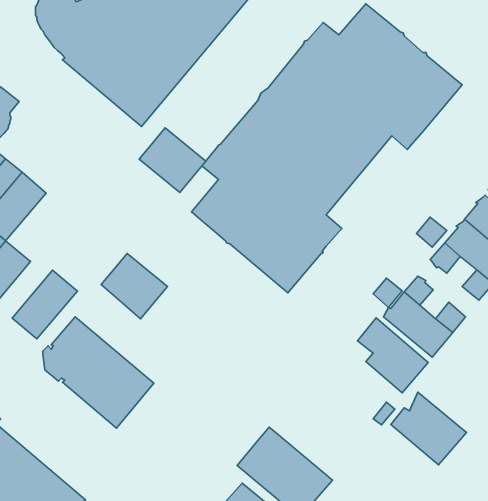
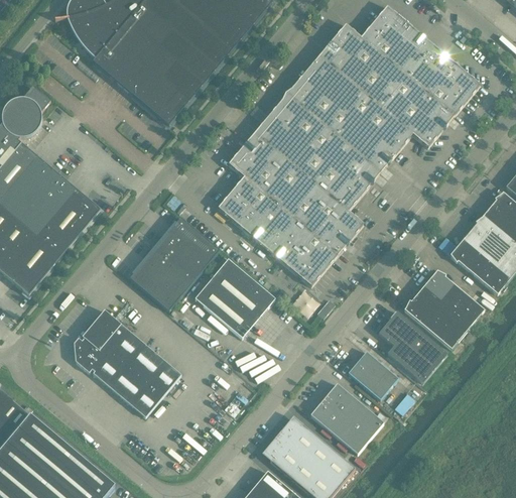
building: [139,128,206,192] -> [155,218,220,280]
building: [417,217,447,247] -> [466,251,495,280]
building: none -> [195,259,275,338]
building: [12,270,77,339] -> [37,190,101,256]
building: [373,278,402,307] -> [439,283,468,312]
building: none -> [348,351,398,399]
building: [391,392,466,465] -> [310,383,384,454]

